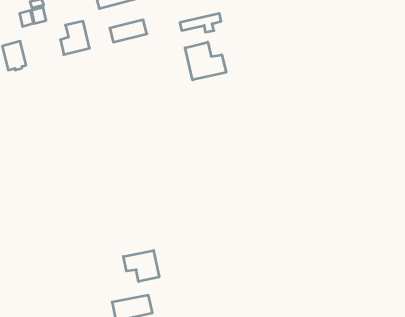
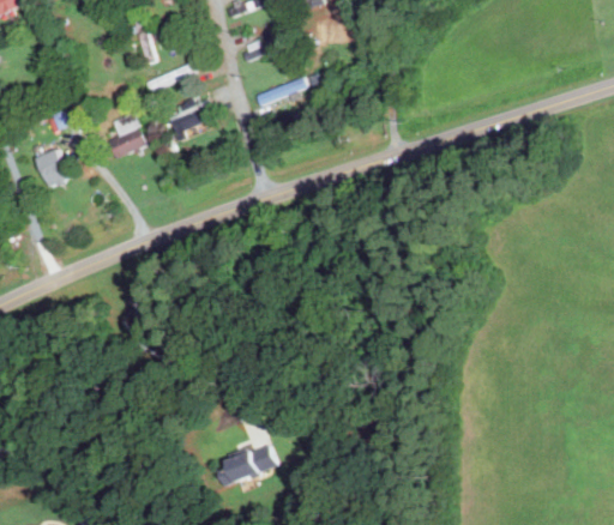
building: [185,42,226,80] -> none
building: [123,250,159,282] -> none

